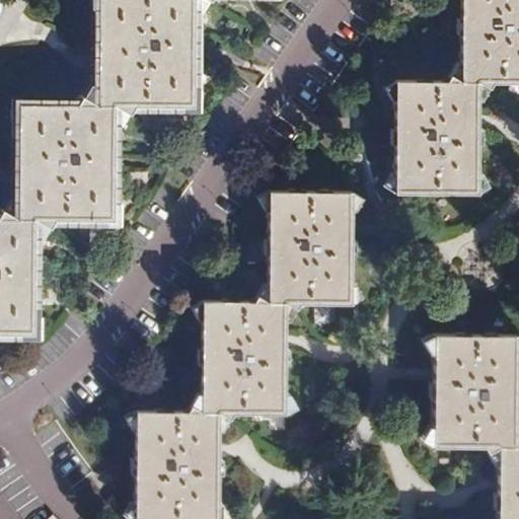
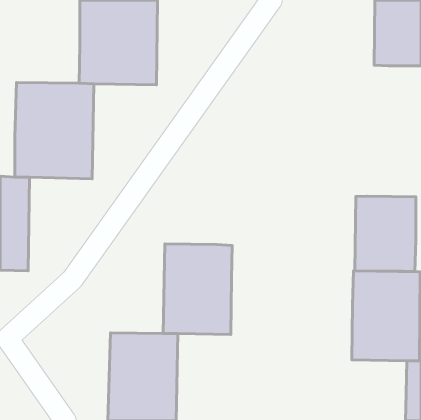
building: [394,80,478,194] -> none
building: [267,192,351,304] -> none
building: none -> [355,196,416,271]

